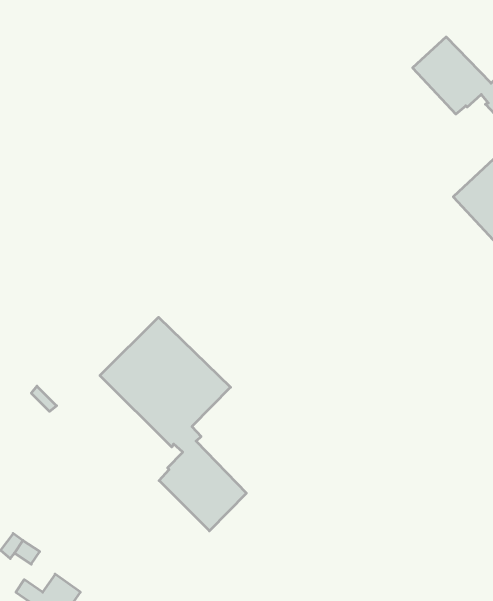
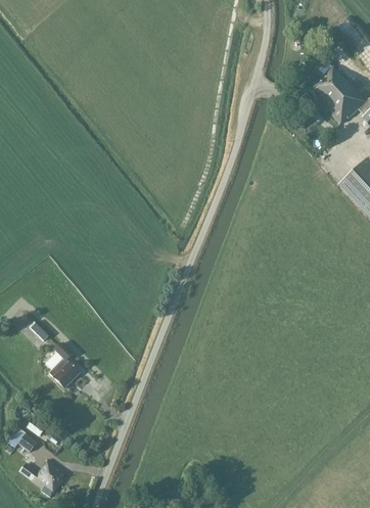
building: [100,317,246,531] -> none
building: none -> [49,341,80,387]

